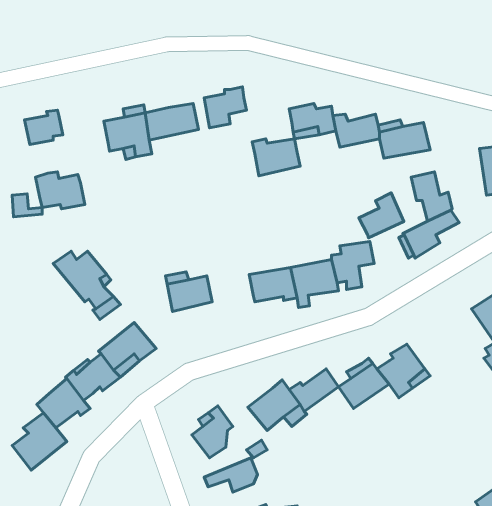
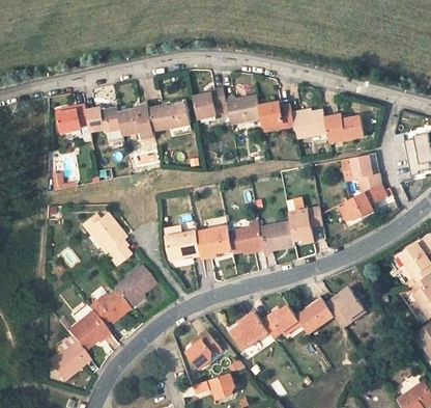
building: [252,139,300,176] -> [225,96,261,124]
building: [35,172,85,209] -> [85,107,122,135]
building: [359,193,404,238] -> none
building: none -> [197,225,232,257]

